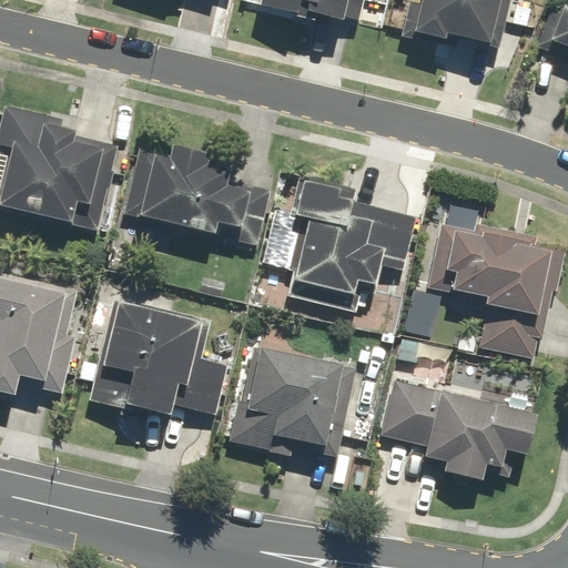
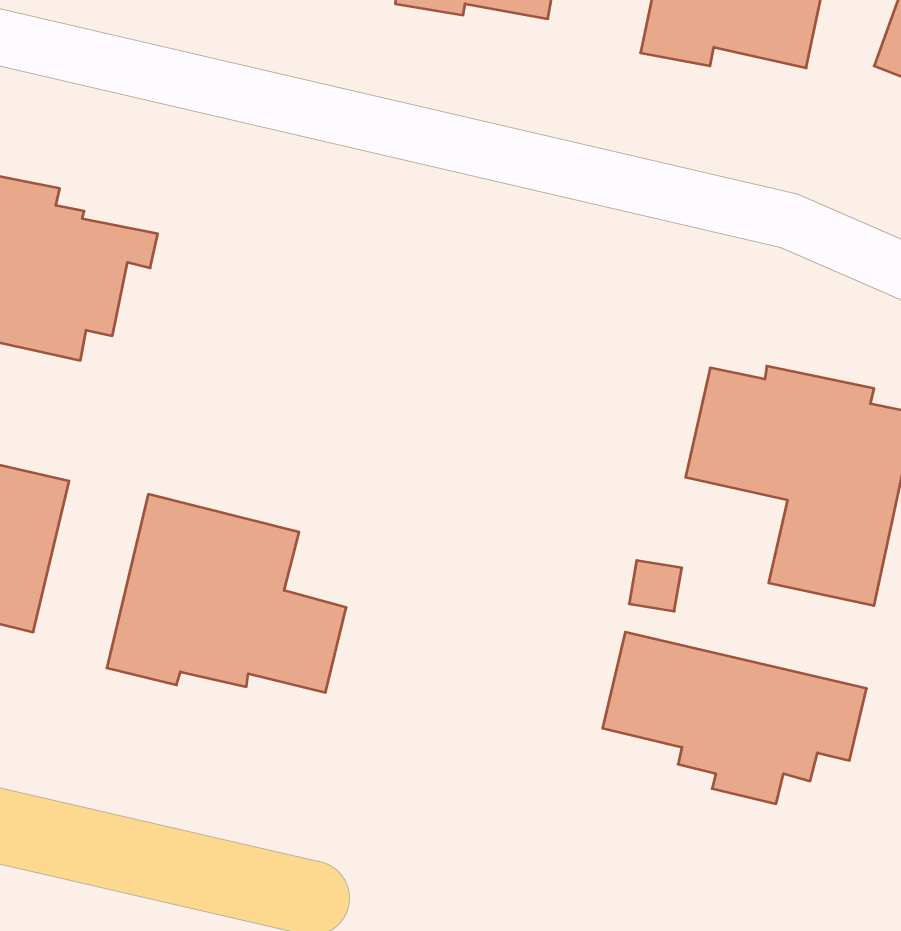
building: [128,144,272,246] -> none
building: [284,175,418,311] -> none
building: [230,347,342,450] -> none

